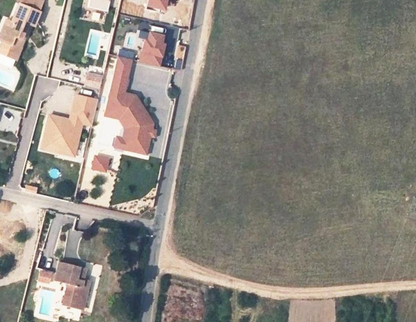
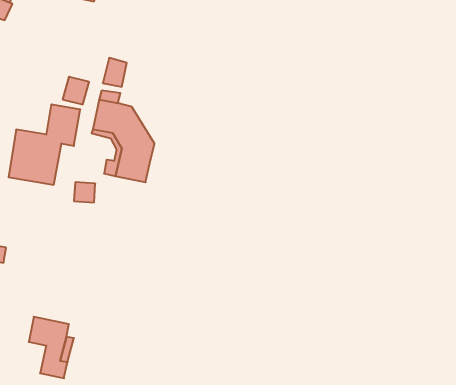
building: [143,40,165,66] -> none

